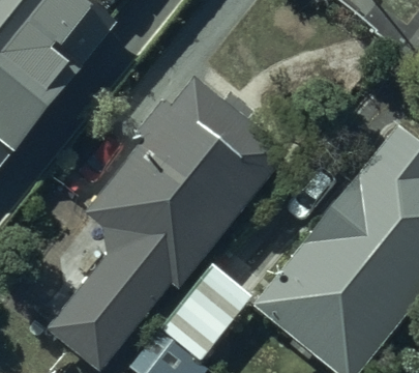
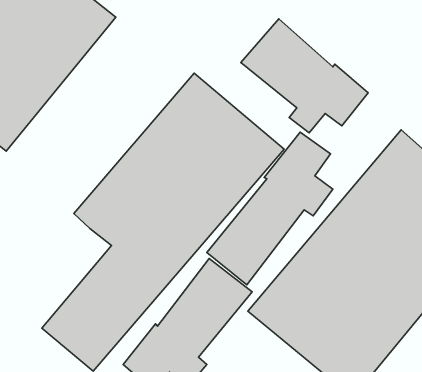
building: none -> [241,19,368,133]
building: none -> [207,132,333,285]

